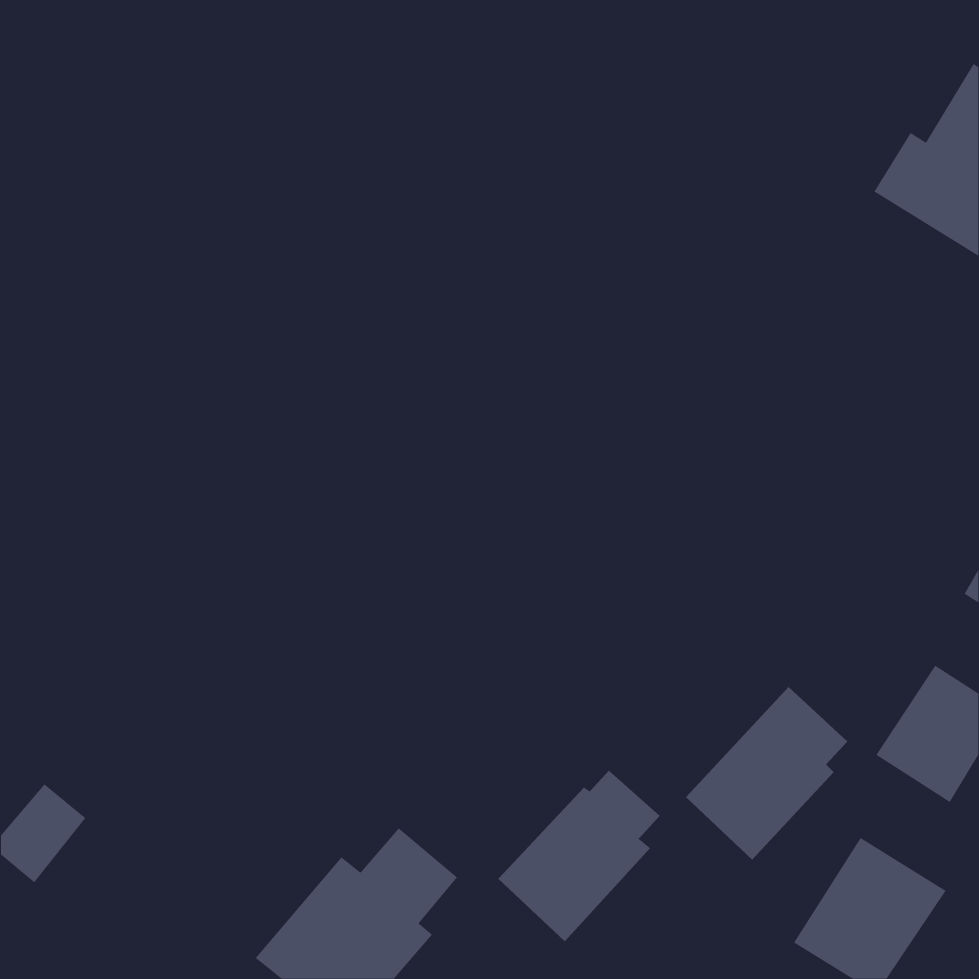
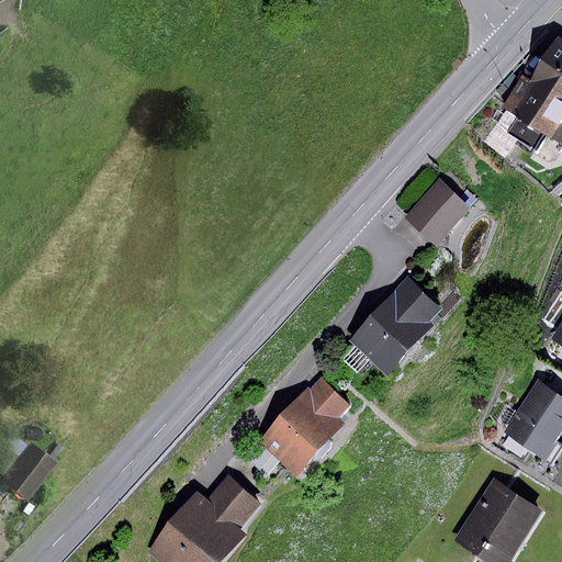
building: none -> [412,179,474,243]
building: [685,686,848,860] -> [349,277,442,376]
building: [498,770,660,942] -> [258,379,351,477]

